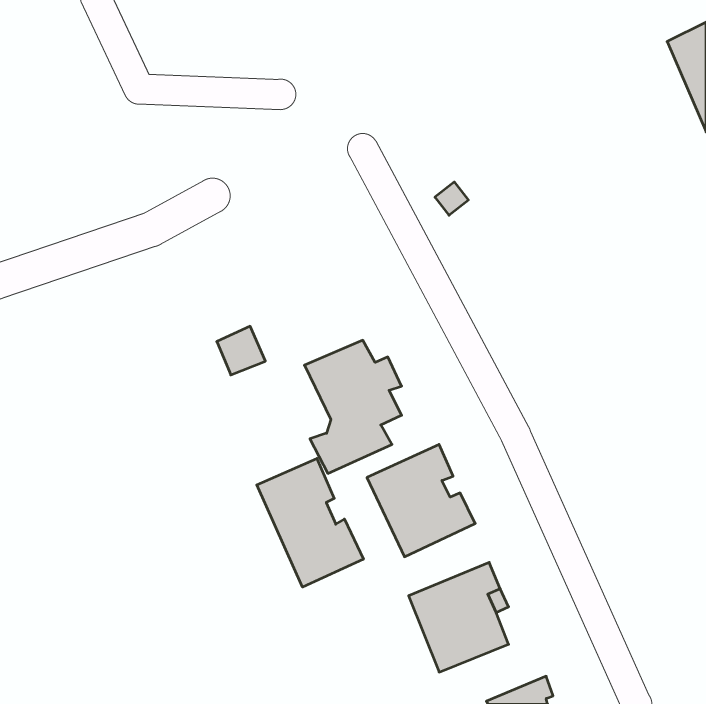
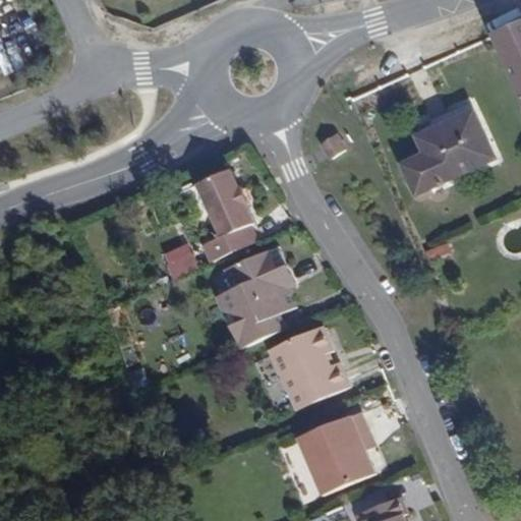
building: none -> [400,108,495,192]
building: none -> [195,169,255,260]
building: [257,458,363,587] -> none

